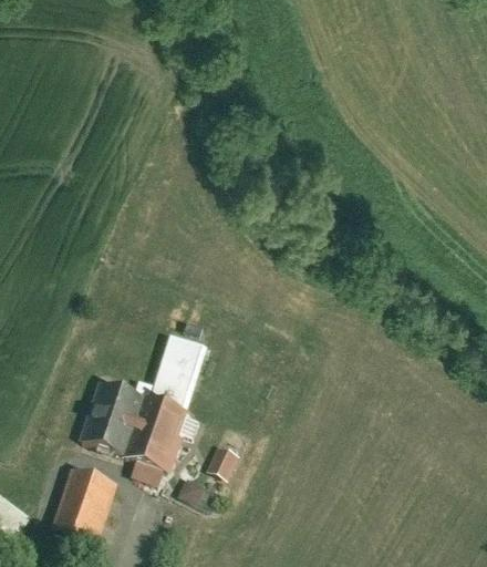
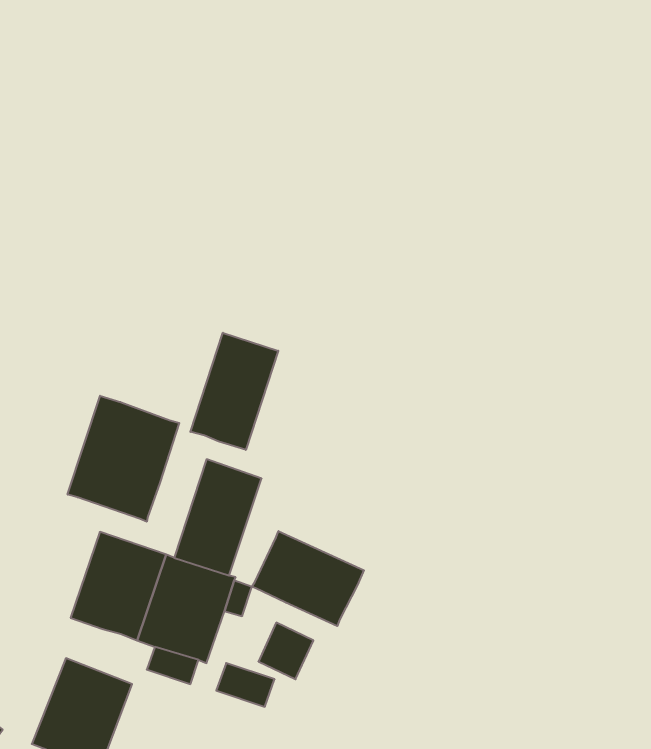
building: none -> [190,333,278,450]
building: none -> [68,396,179,522]
building: none -> [252,531,364,626]

